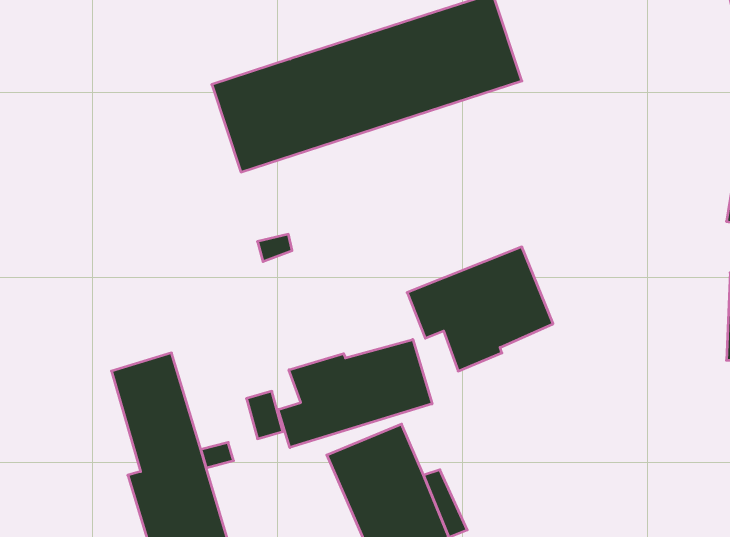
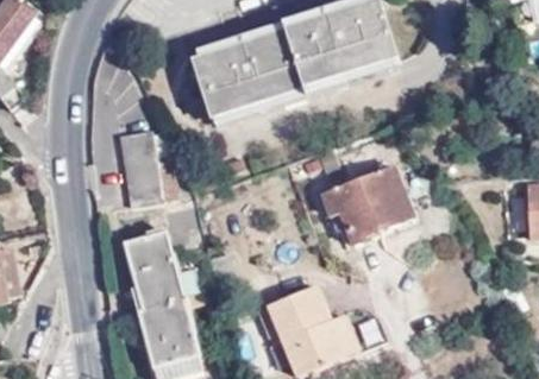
building: none -> [119,132,173,206]
building: [278,339,432,448] -> none

